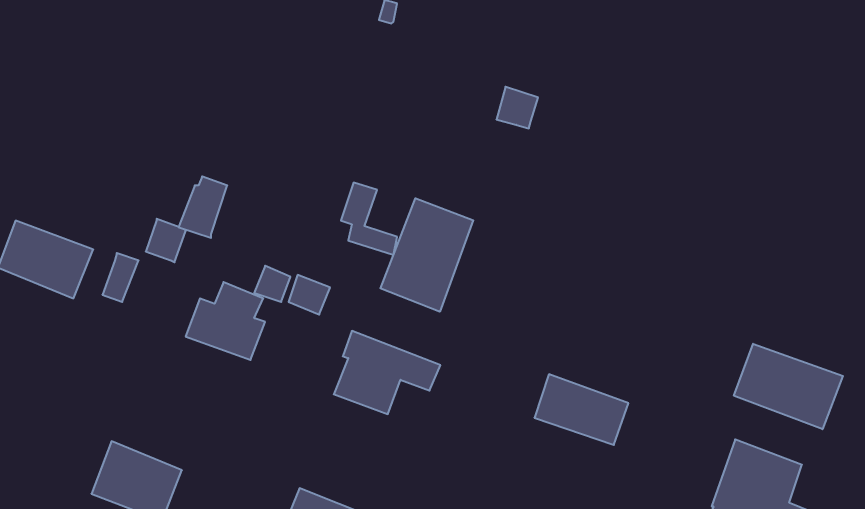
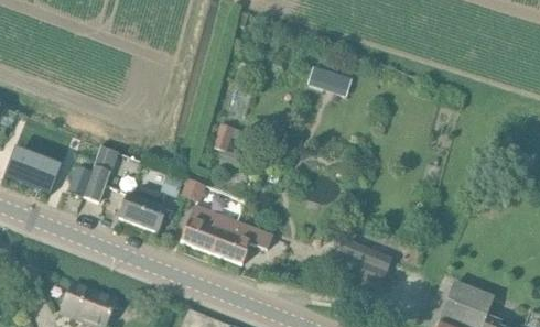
building: [179,176,227,238] -> [80,165,110,203]
building: [380,198,473,312] -> none
building: none -> [182,204,220,252]
building: [734,344,843,429] -> none

